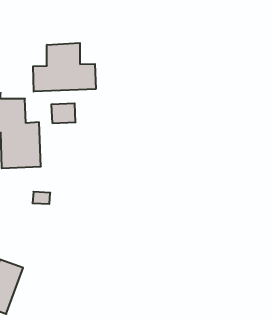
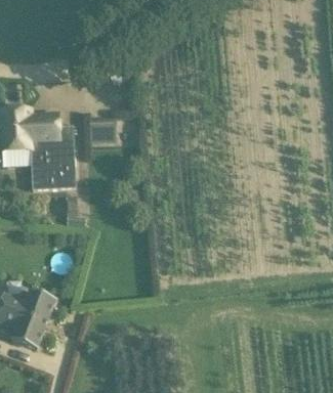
building: [33,43,96,92] -> none

